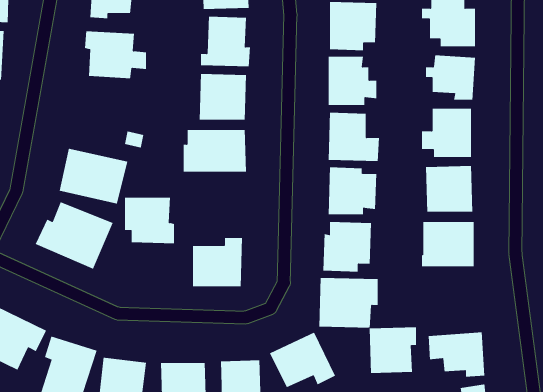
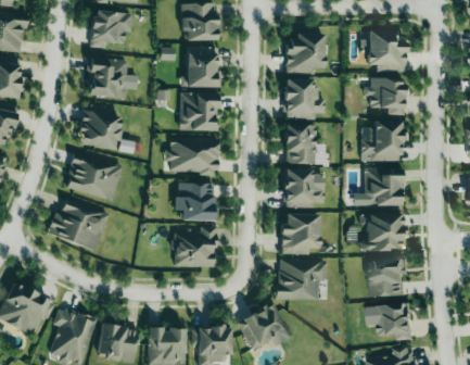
building: none -> [78,111,122,149]
building: [124,197,175,244] -> [176,182,217,221]
building: [369,327,417,374] -> [368,259,407,297]

